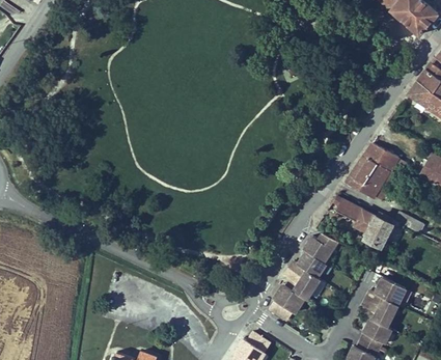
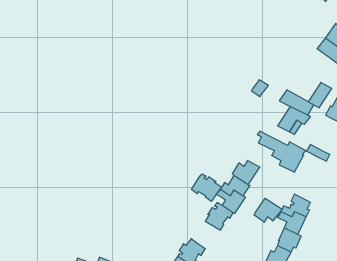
building: [347,158,376,189] -> [308,82,332,108]
building: none -> [192,174,221,201]
building: none -> [254,198,282,222]

